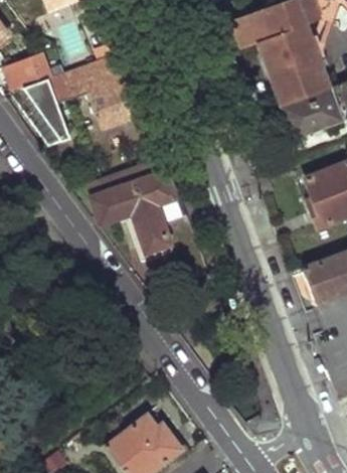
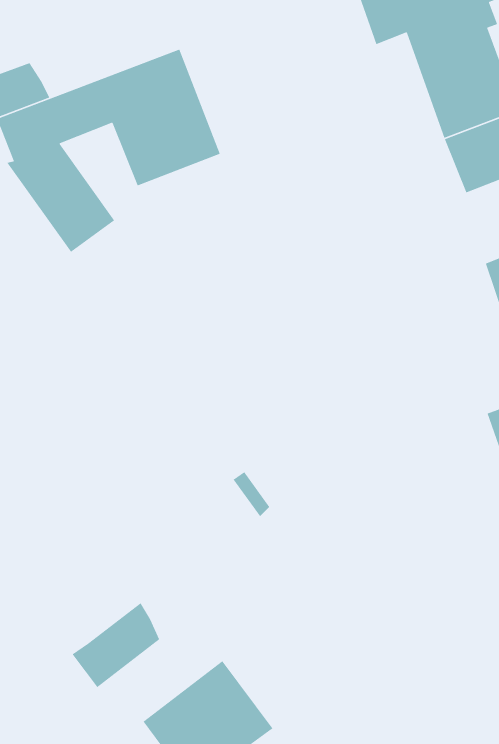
building: [86,162,175,253] -> none
building: none -> [71,602,160,688]

